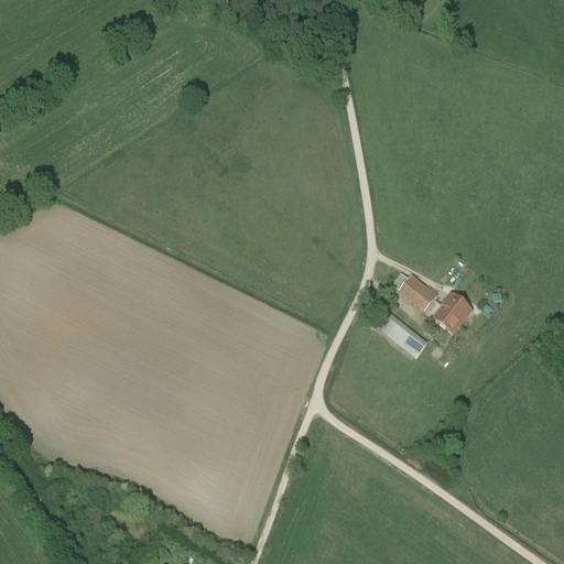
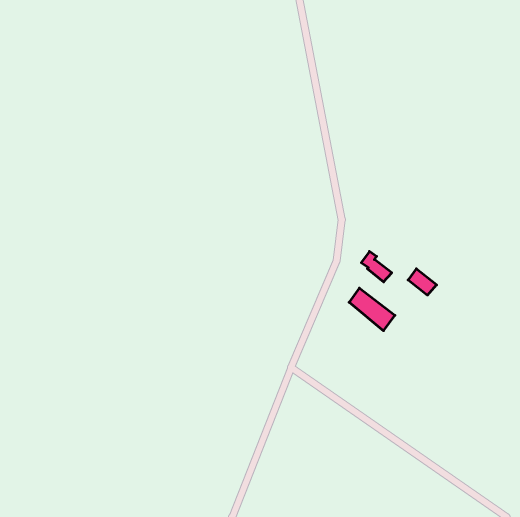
building: [405,273,437,312] -> none
building: [432,303,463,334] -> none

